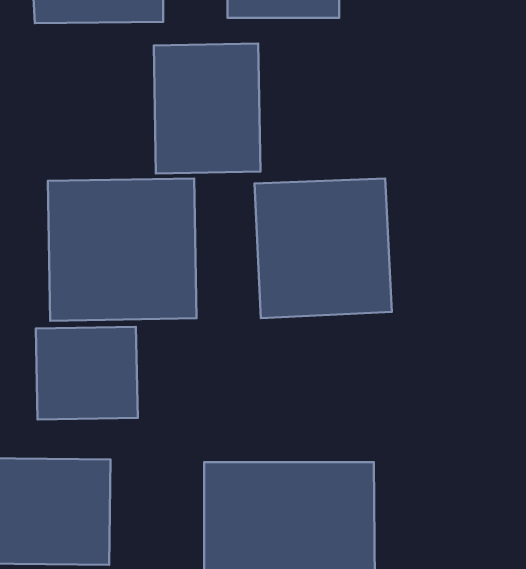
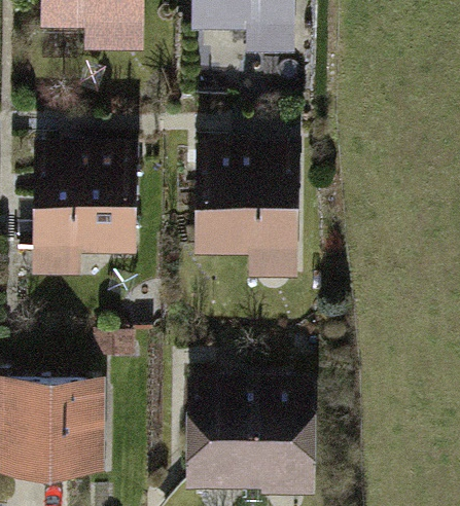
building: [154,43,261,173] -> none
building: [36,327,138,420] -> none

